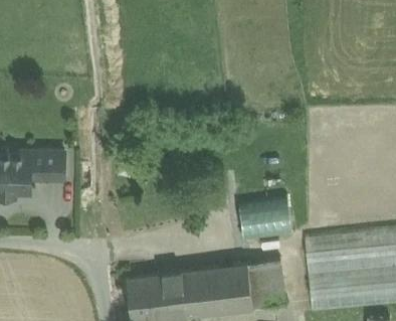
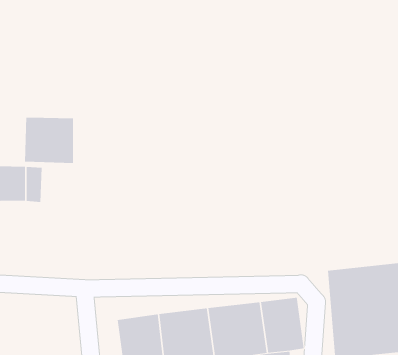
building: none -> [24,117,74,164]
building: [241,205,293,240] -> none

